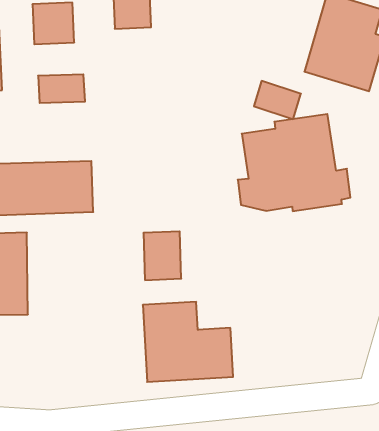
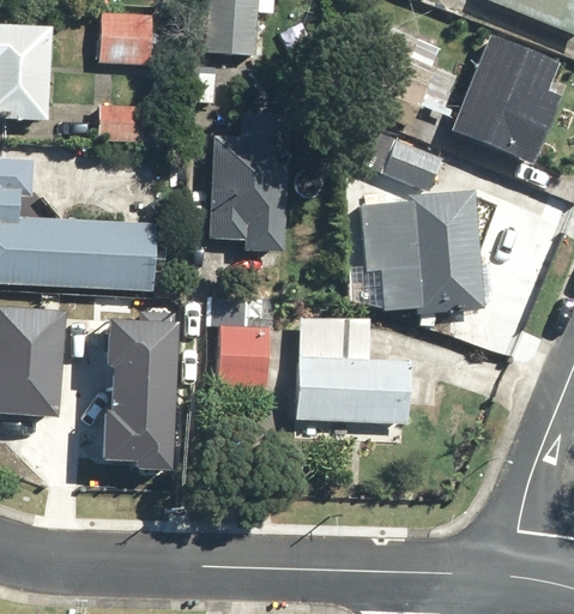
building: none -> [210,110,289,252]
building: none -> [97,308,174,465]
building: [143,302,233,382] -> [296,318,412,423]

